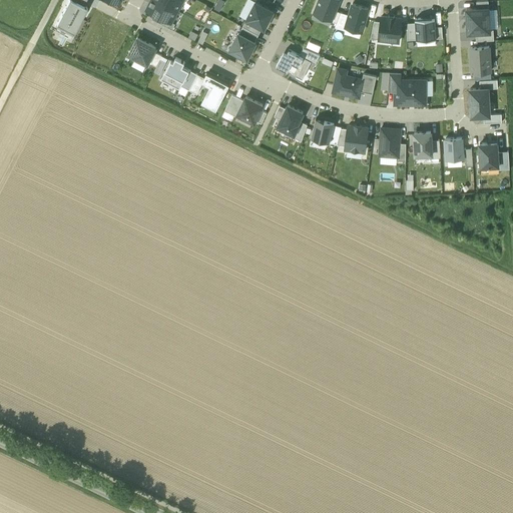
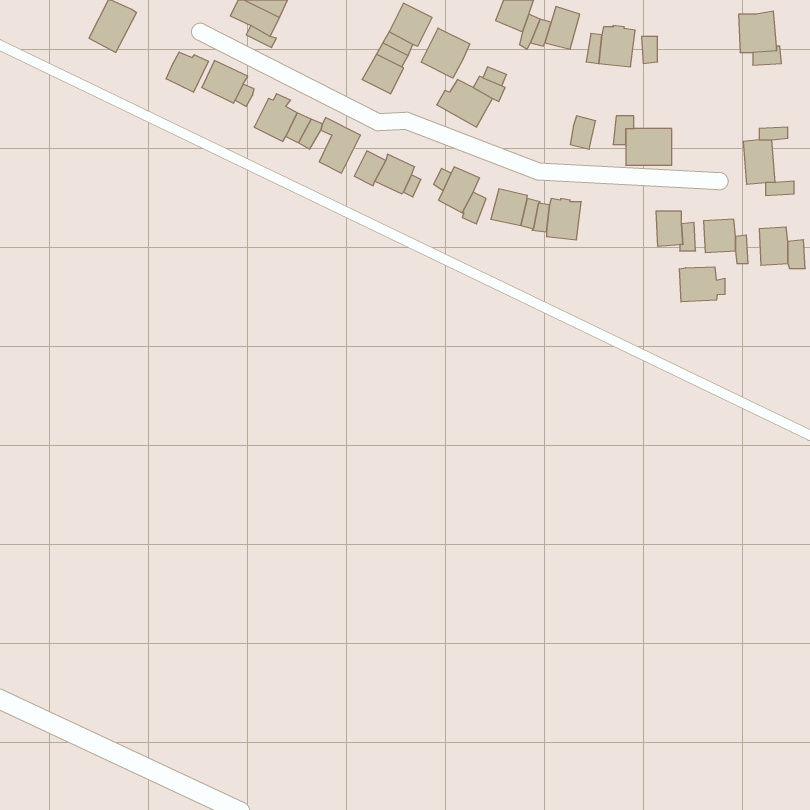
building: none -> [421,28,470,78]
building: [414,19,434,40] -> none
building: none -> [166,52,208,92]
building: [470,47,490,74] -> none
building: [332,69,362,98] -> none
building: [379,129,399,157] -> none
building: none -> [679,267,725,302]

